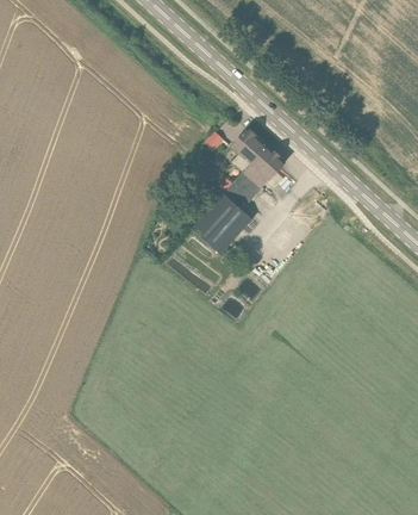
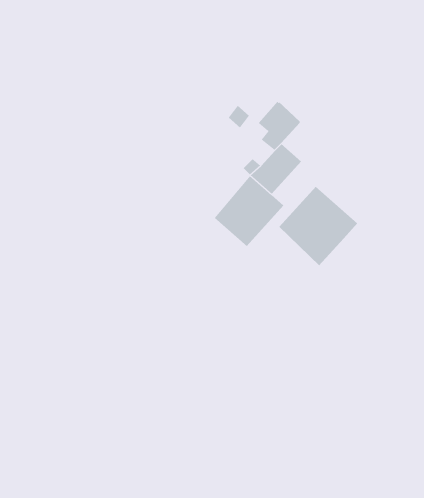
building: [250,147,285,180] -> none
building: none -> [278,186,358,266]

